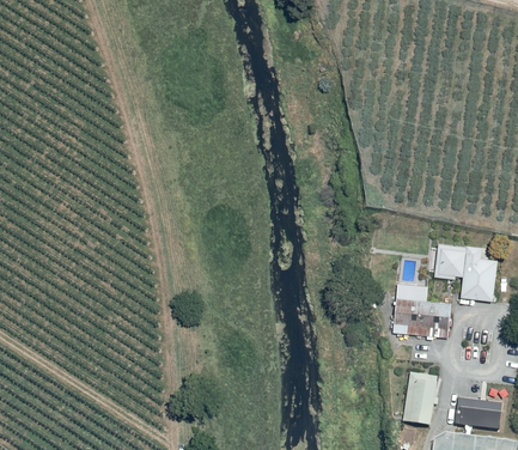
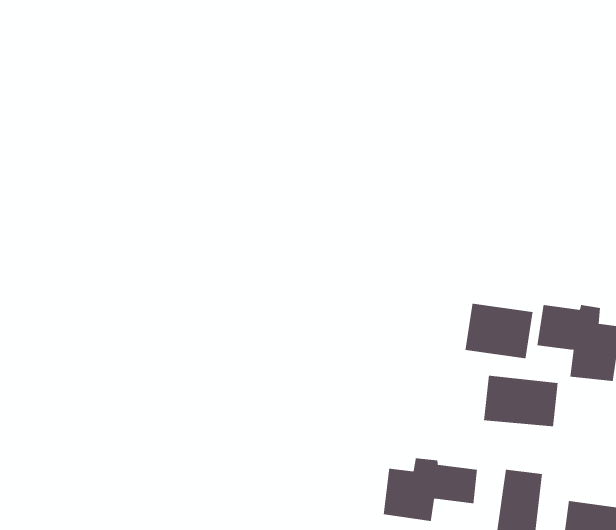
building: none -> [465,303,533,359]
building: none -> [383,457,478,522]

